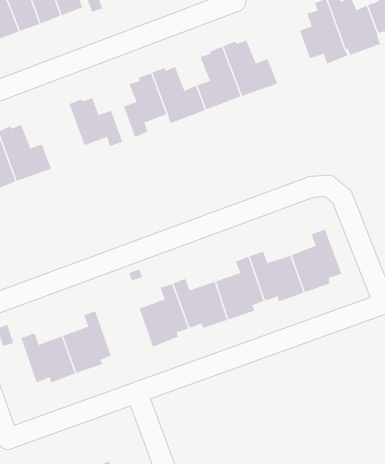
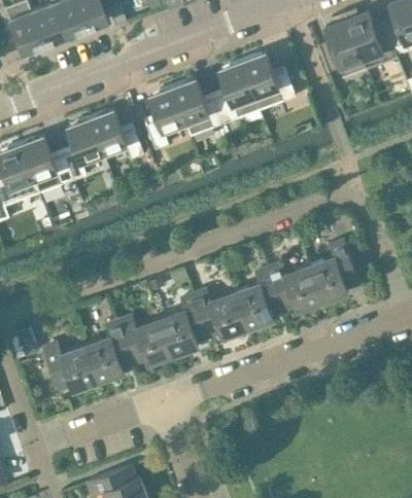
building: none -> [65,116,106,180]
building: none -> [117,314,173,363]

